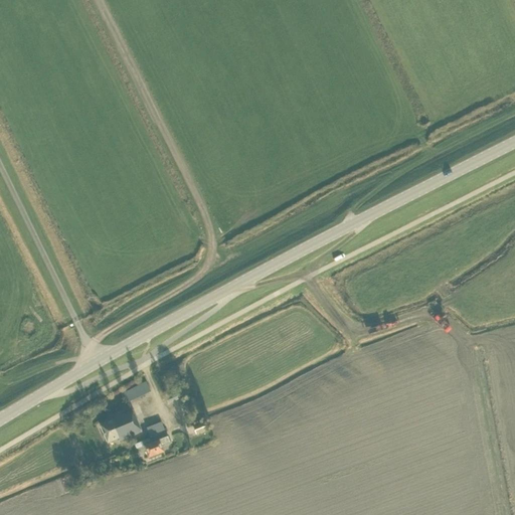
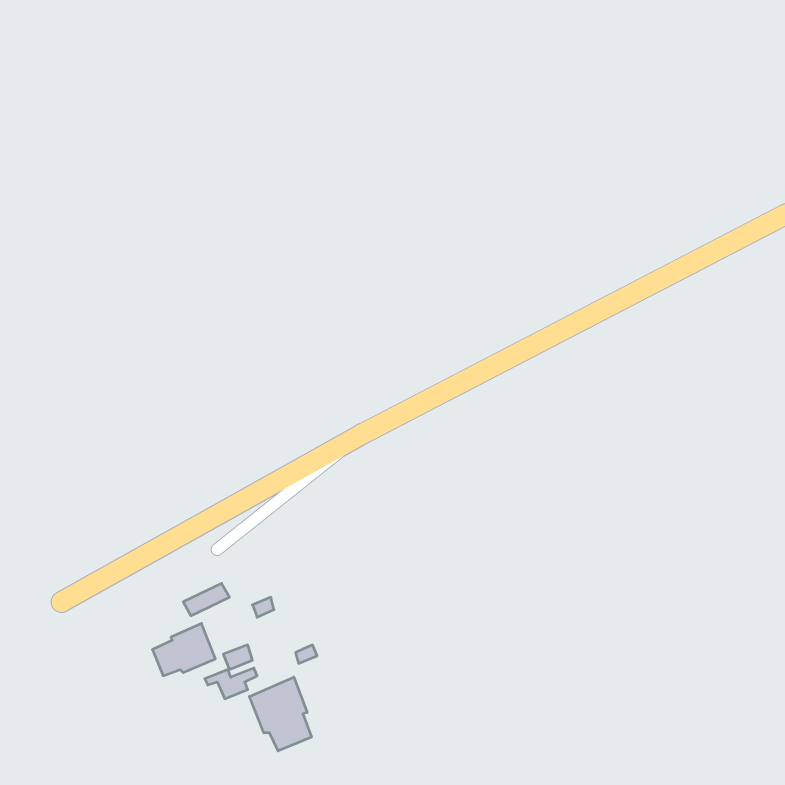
building: none -> [249,677,311,751]

